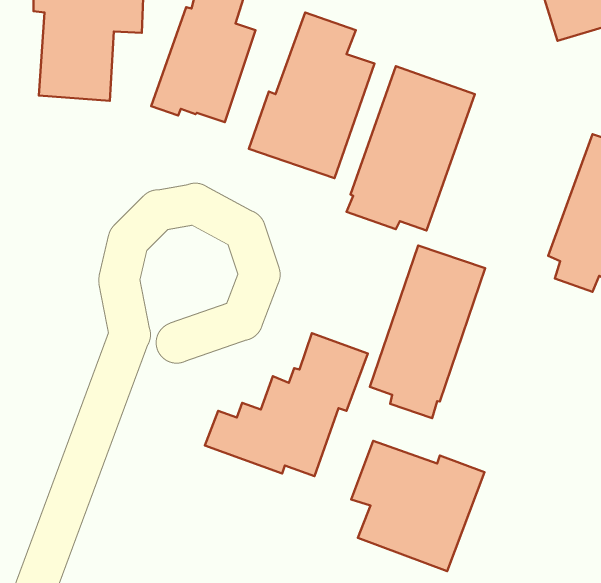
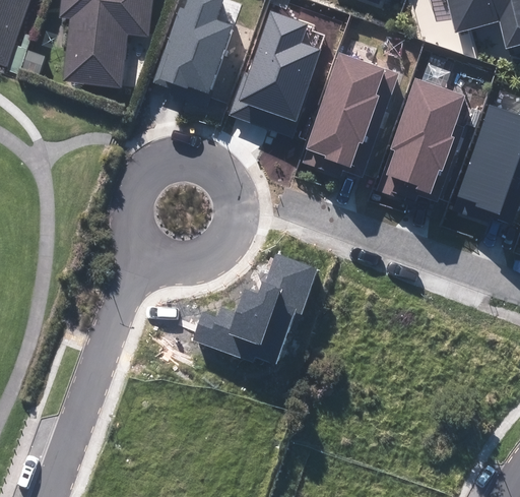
building: none -> [376,76,466,203]
building: [370,245,485,418] -> none
building: [351,441,485,571] -> none

